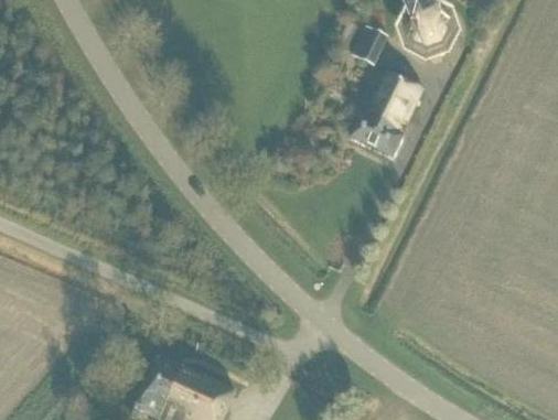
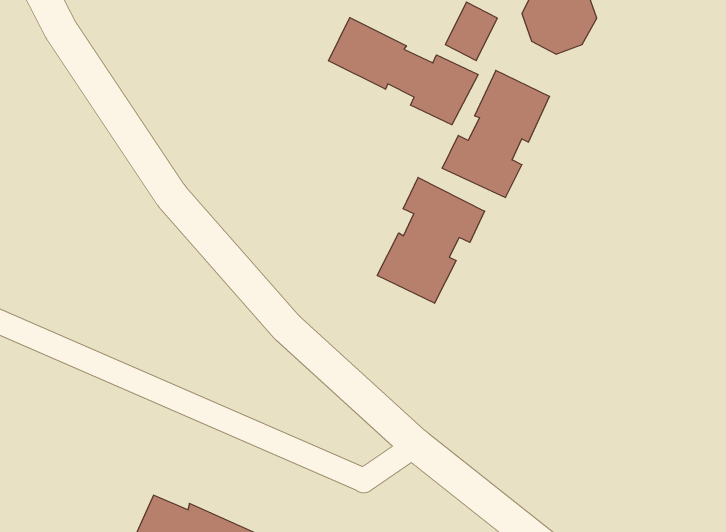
building: none -> [329,18,478,125]
building: none -> [377,177,485,303]

